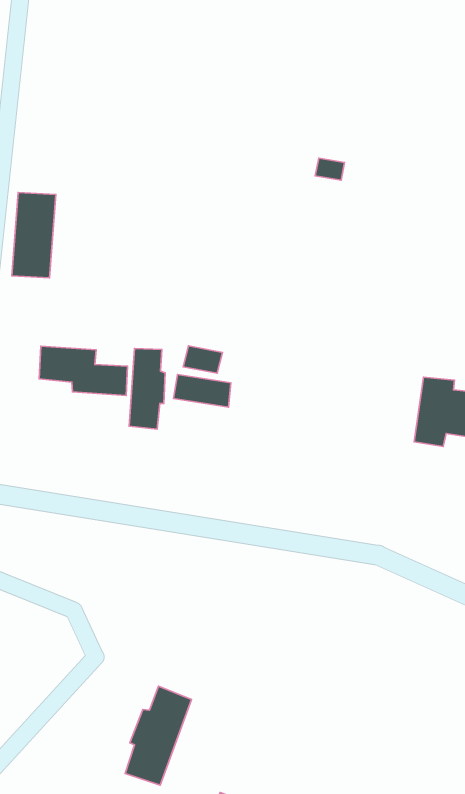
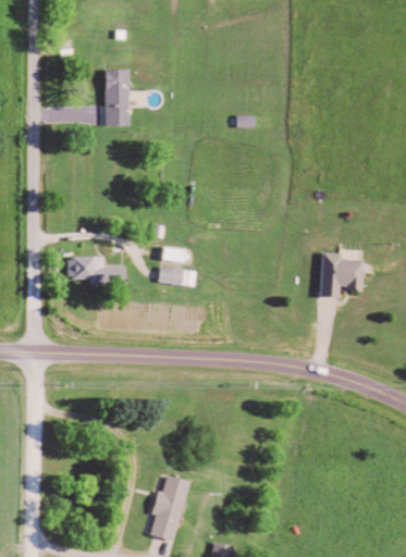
building: [12,193,56,278] -> [104,69,131,125]
building: [129,348,165,429] -> none

